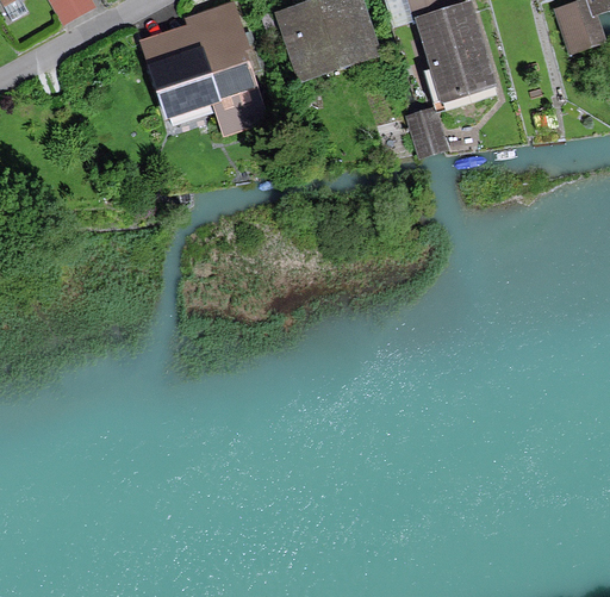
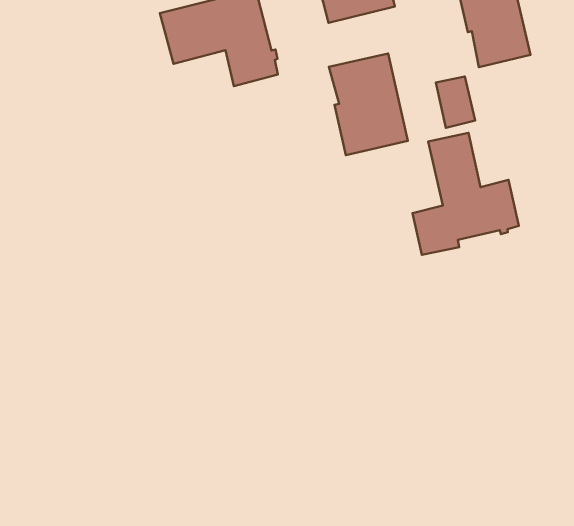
building: none -> [329,54,408,155]
building: none -> [413,133,519,255]

